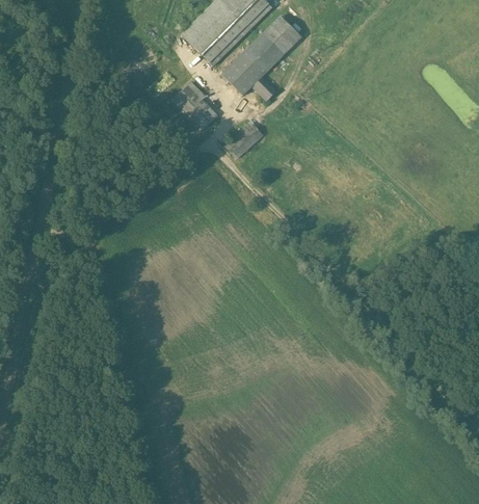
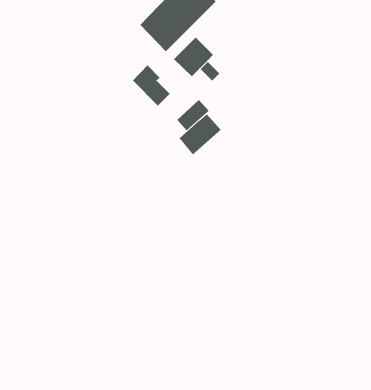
building: [247,16,300,69] -> none
building: none -> [179,113,222,155]

